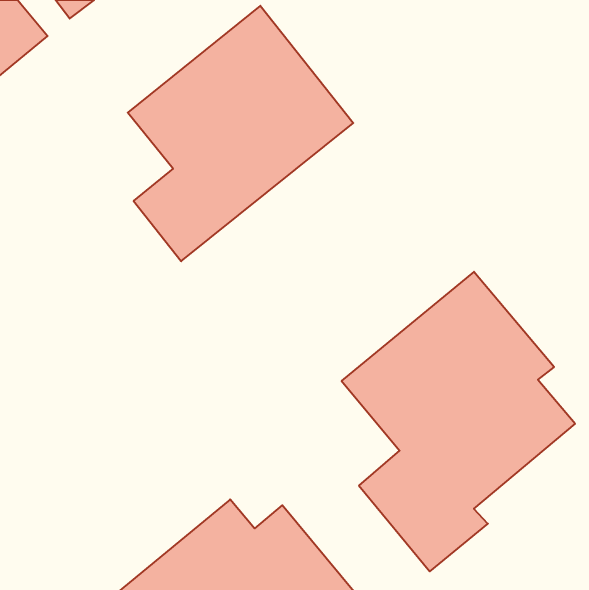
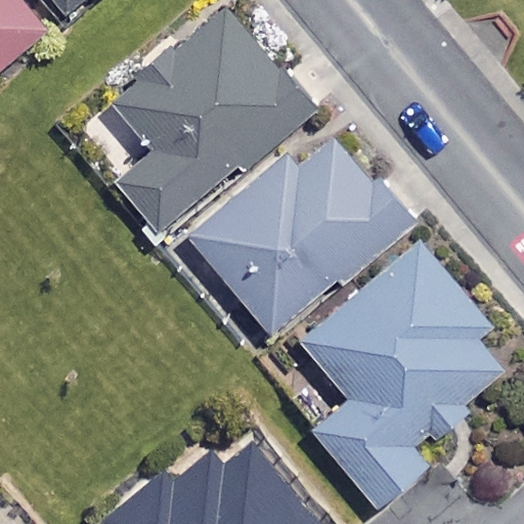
building: none -> [192,130,405,333]

